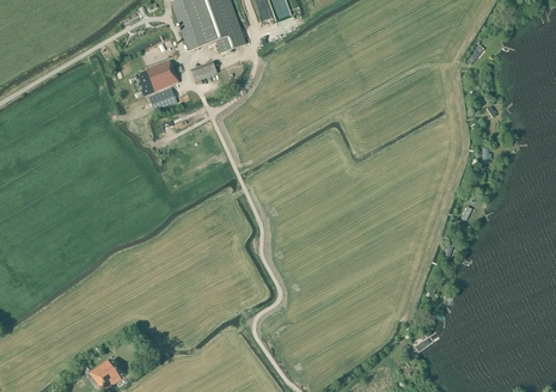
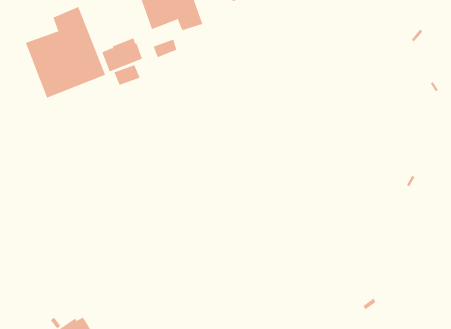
building: none -> [25,6,106,99]

